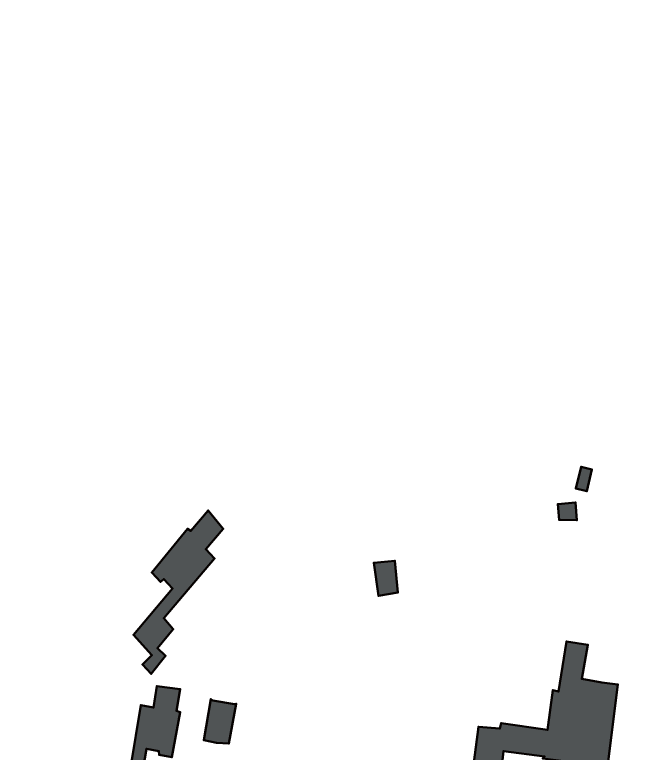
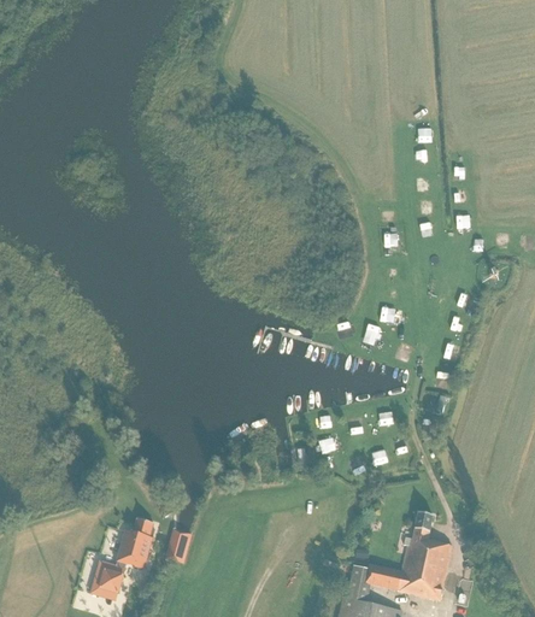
building: [133,511,223,674] -> none

